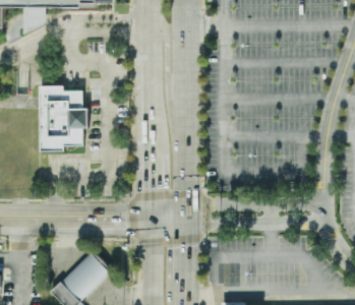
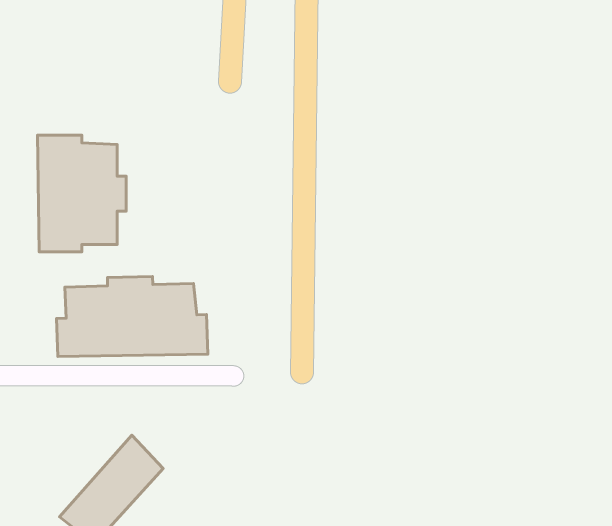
building: none -> [57,276,208,356]

